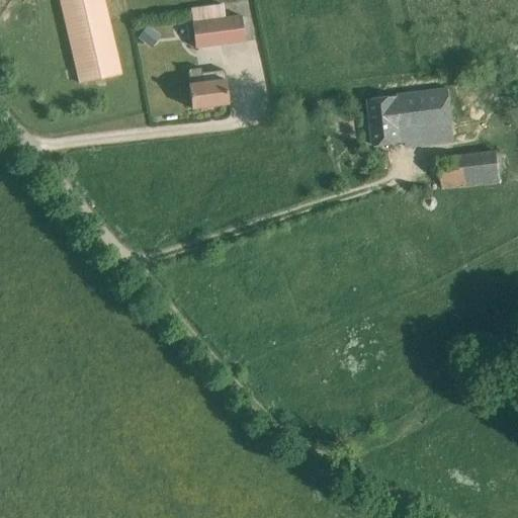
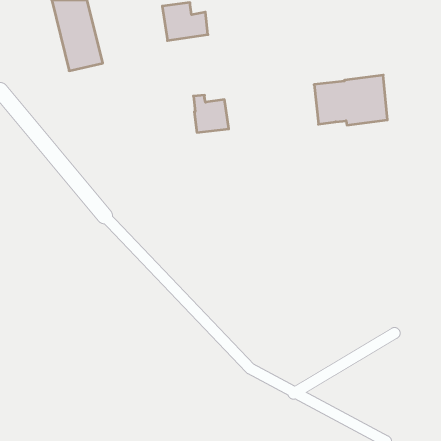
building: [187,64,229,107] -> [193,95,229,132]
building: [439,151,500,190] -> none

